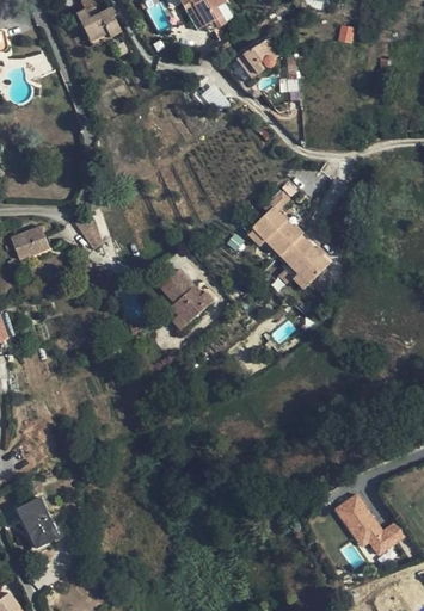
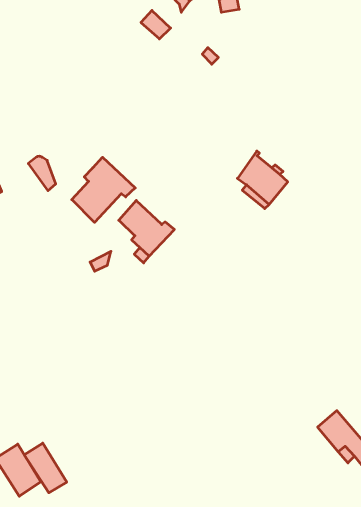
building: [245,192,302,257] -> none
building: none -> [72,157,135,222]
building: none -> [24,443,67,493]

